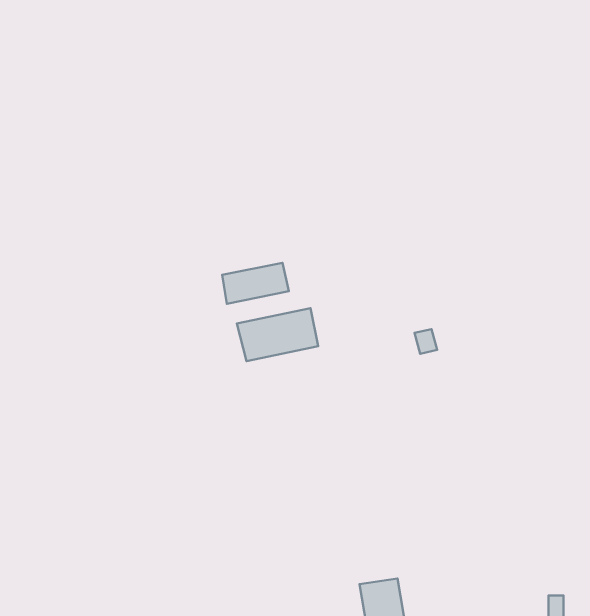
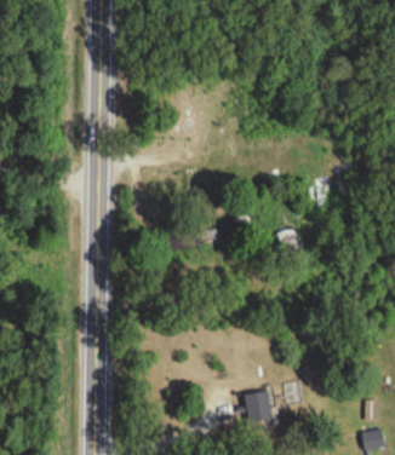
building: [222,263,289,304] -> none

